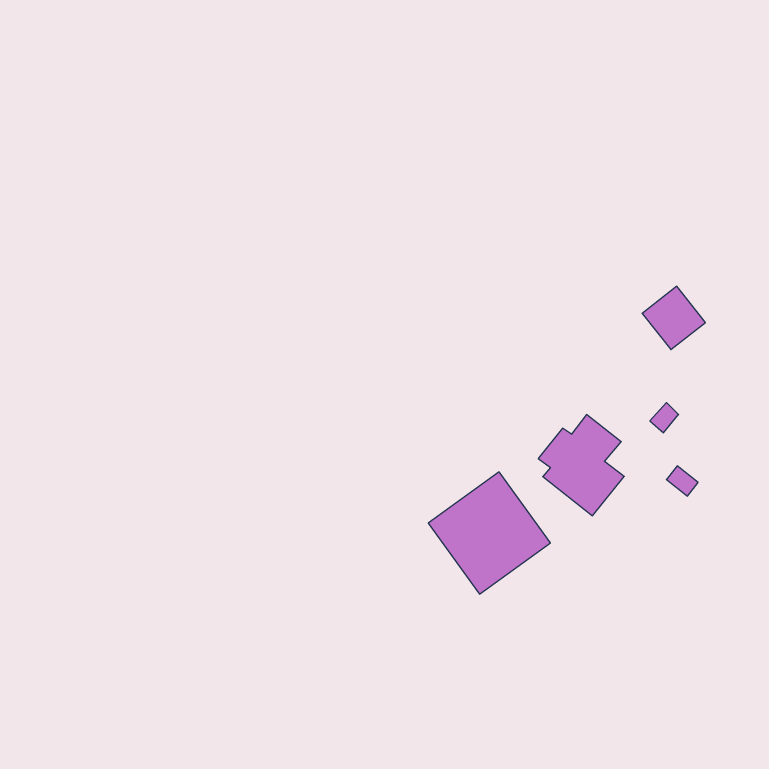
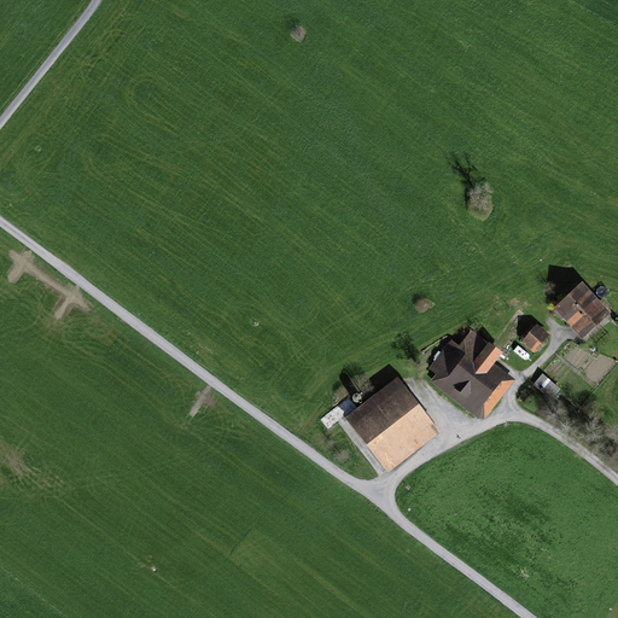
building: [642,286,705,350] -> [554,280,605,331]

